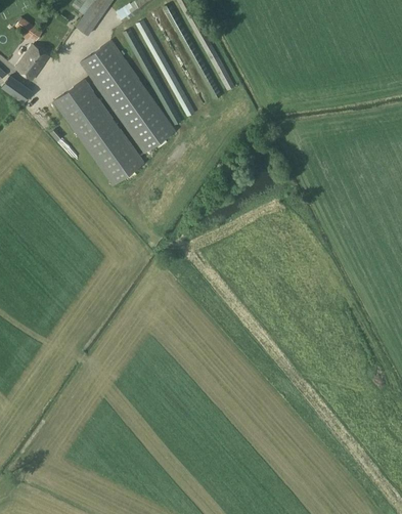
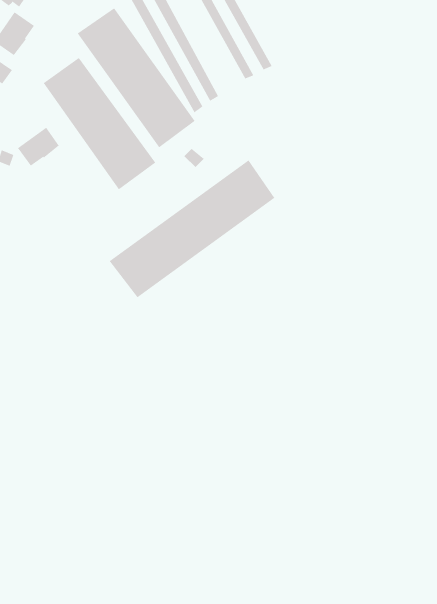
building: none -> [17,127,60,167]
building: none -> [109,160,275,298]

